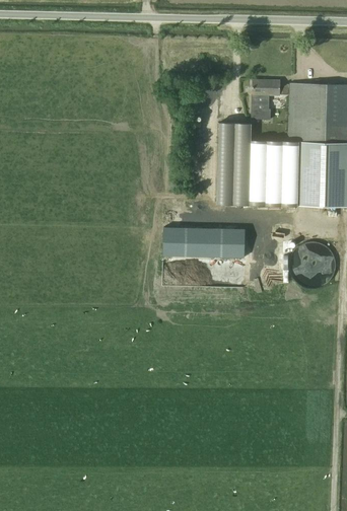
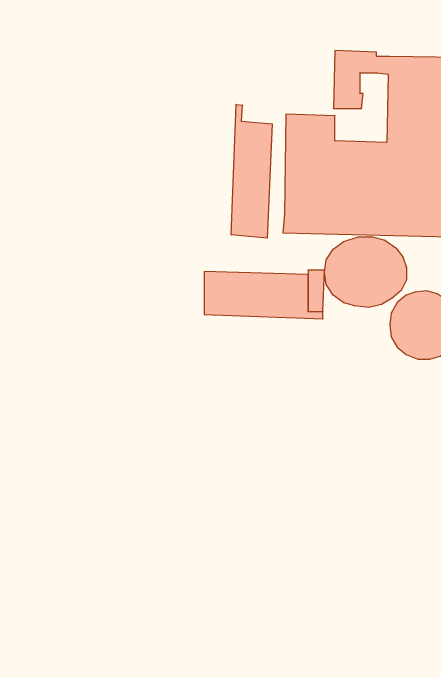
building: none -> [231,104,272,238]
building: none -> [324,237,406,307]

